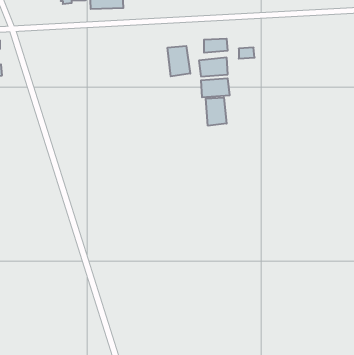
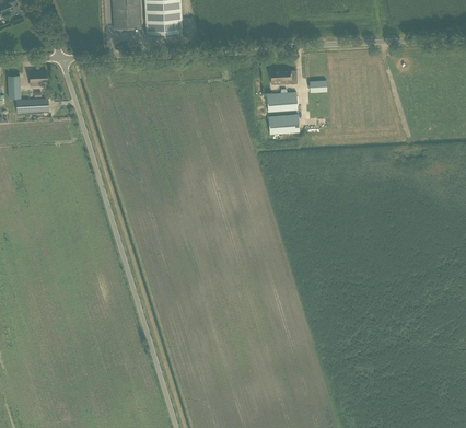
building: [168,46,190,76] -> none
building: [206,97,227,126] -> none

